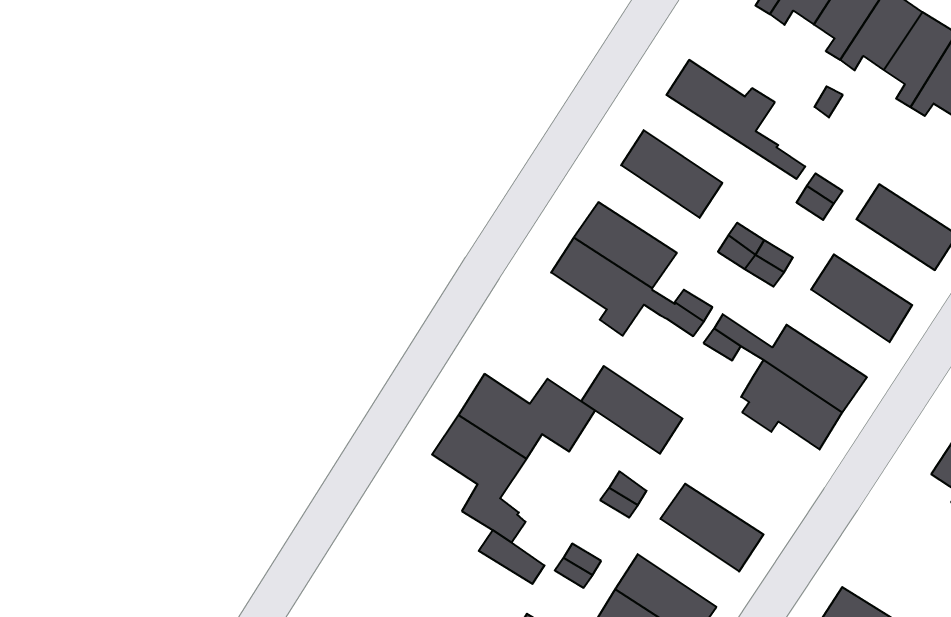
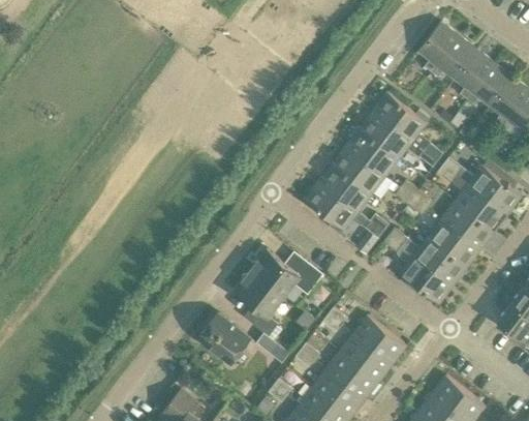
building: none -> [360,111,438,168]
building: none -> [333,146,385,194]
building: none -> [455,184,507,232]
building: none -> [427,219,480,268]
building: [581,366,683,454] -> [339,334,392,383]
building: none -> [197,313,250,364]

